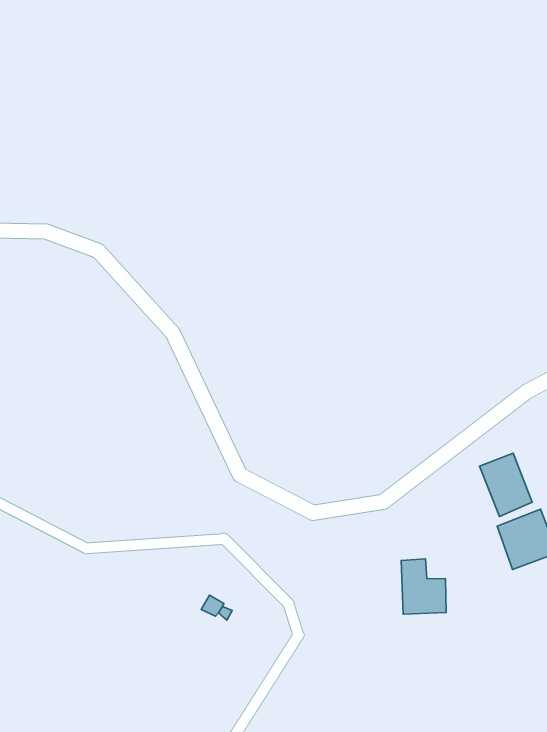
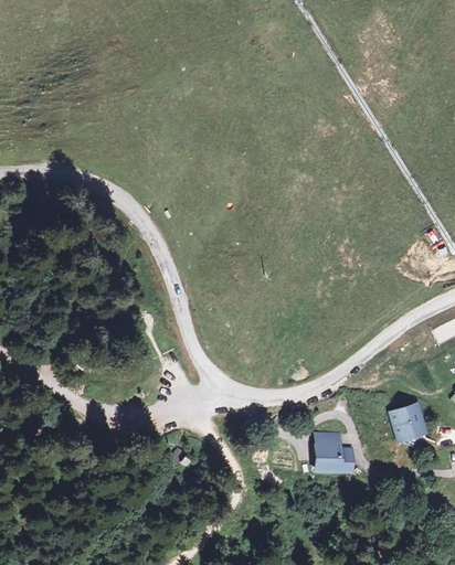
building: [480,453,532,516] -> none

